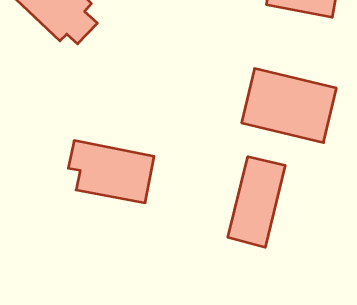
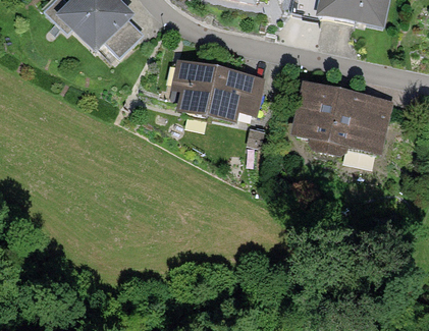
building: [68,141,154,203] -> [172,61,261,125]
building: [228,157,285,247] -> none

